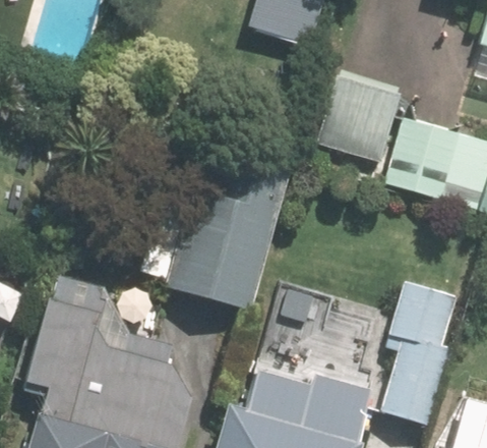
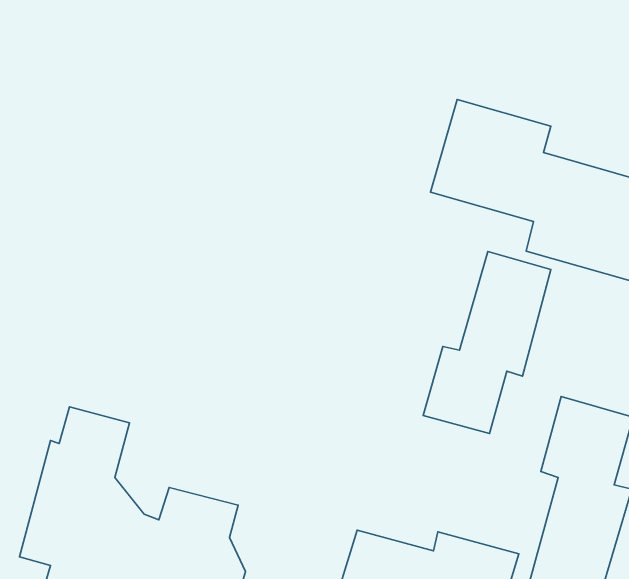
building: [158,144,286,313] -> none
building: none -> [423,251,551,434]

